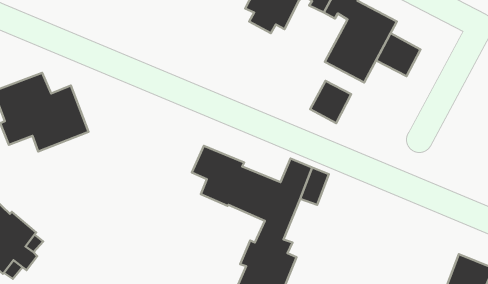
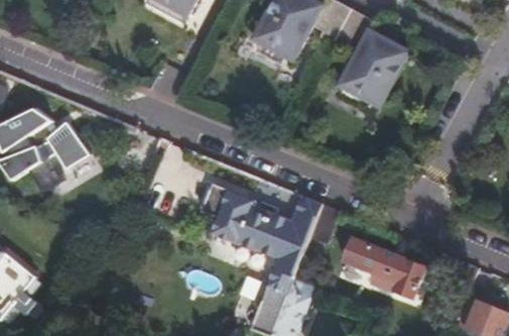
building: [376,33,420,76] -> none
building: [310,81,351,123] -> none
building: none -> [341,235,425,300]

